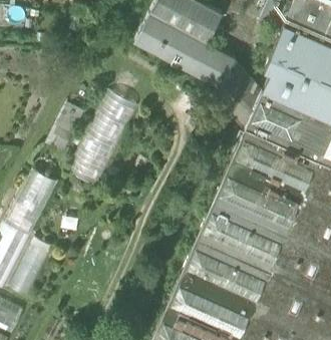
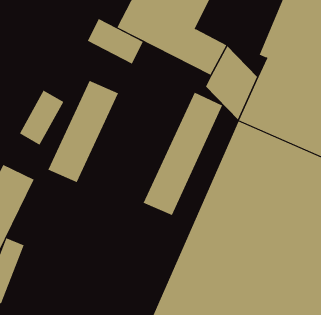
building: none -> [87,18,144,64]
building: none -> [143,92,223,216]

